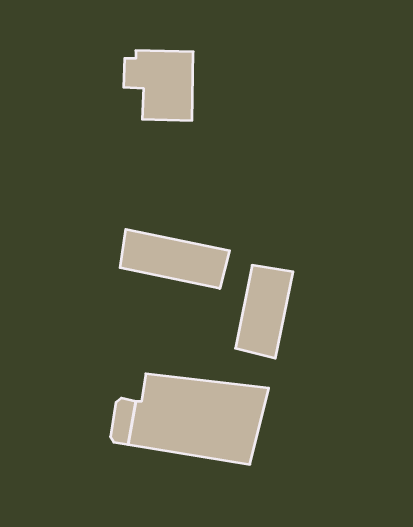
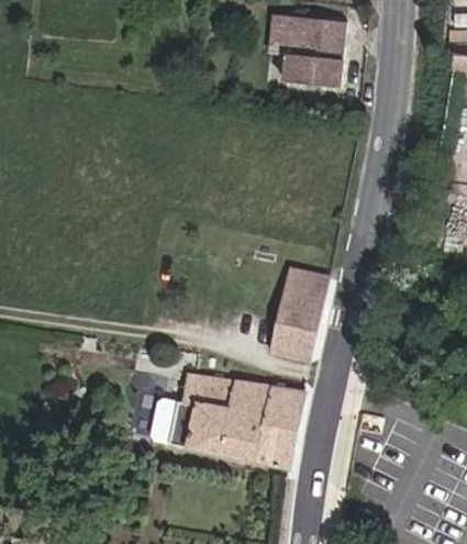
building: [124,51,193,120] -> [266,16,335,86]
building: [120,229,230,289] -> none

